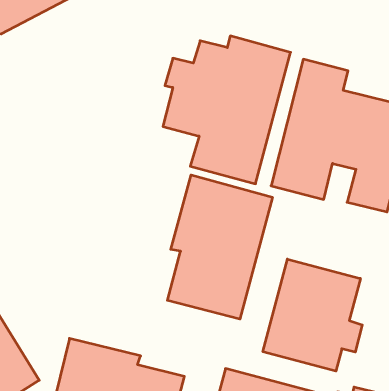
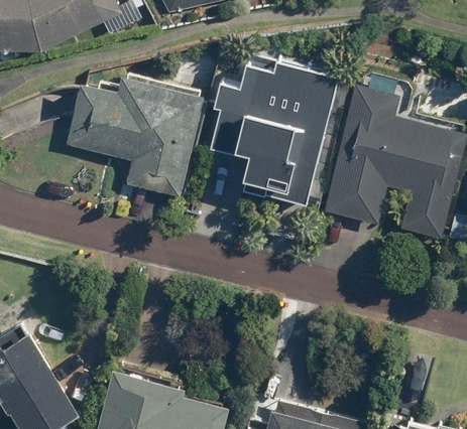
building: none -> [65,75,205,199]
building: [167,175,272,319] -> none
building: [263,259,362,371] -> none

